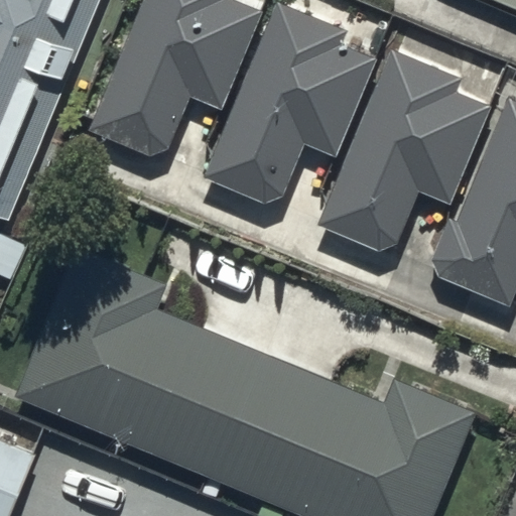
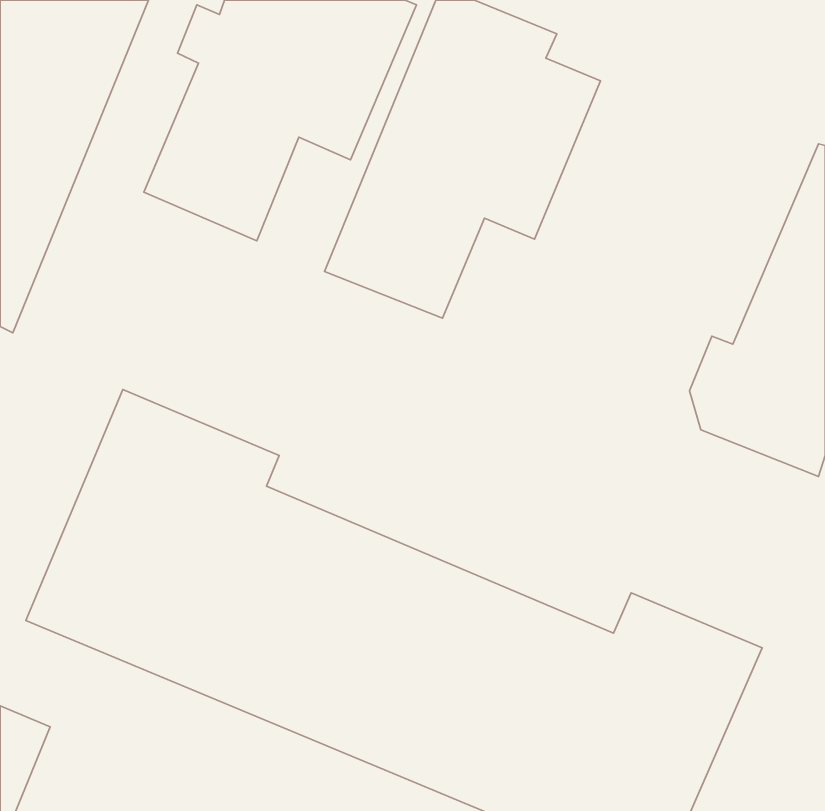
building: [317,48,489,256] -> none

